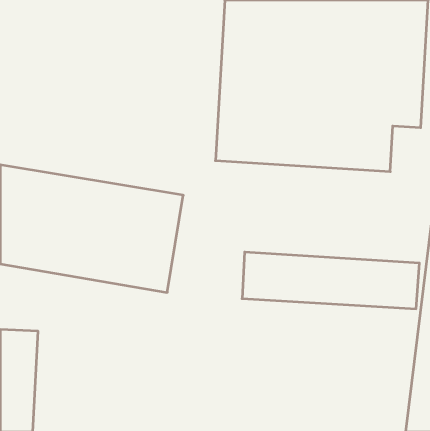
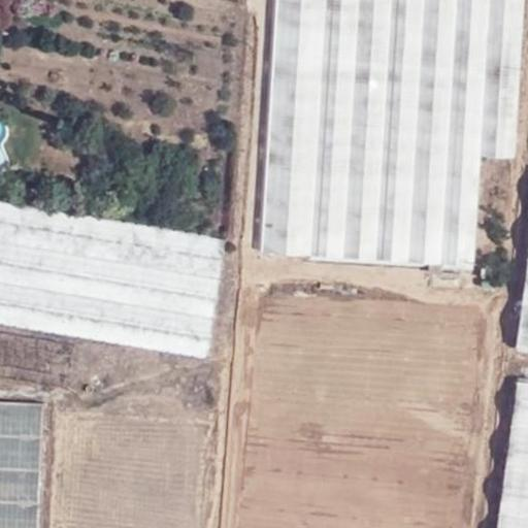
building: [242,252,419,309] -> [262,197,478,266]

